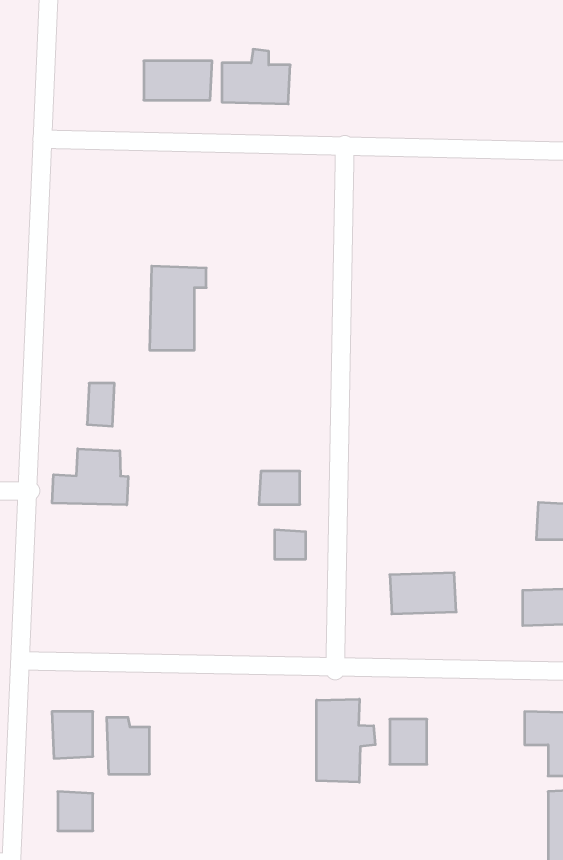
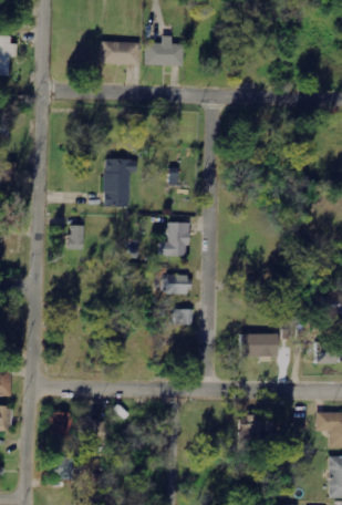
building: none -> [158,221,187,255]
building: [52,449,128,505] -> none
building: [317,699,375,782] -> none

